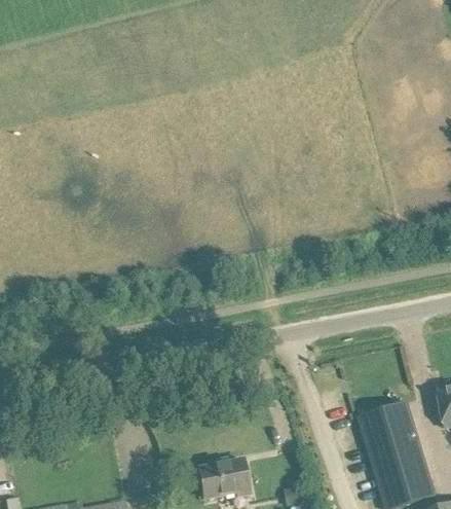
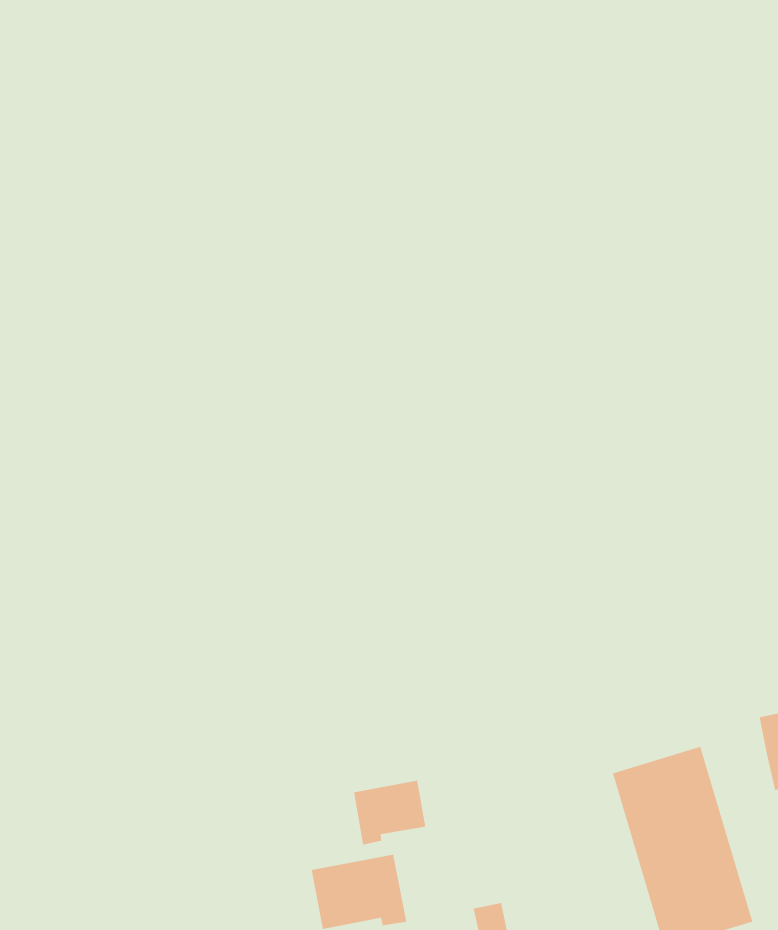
building: none -> [353,780,426,845]

